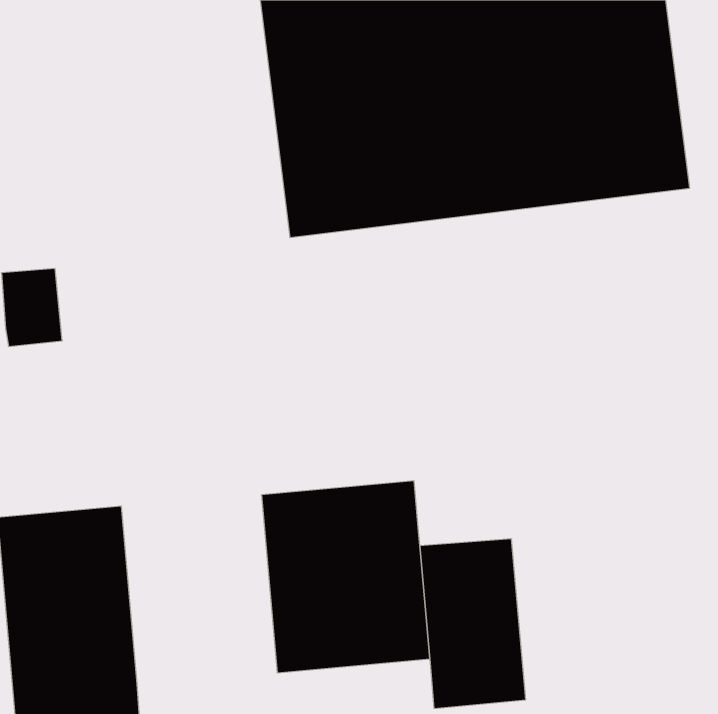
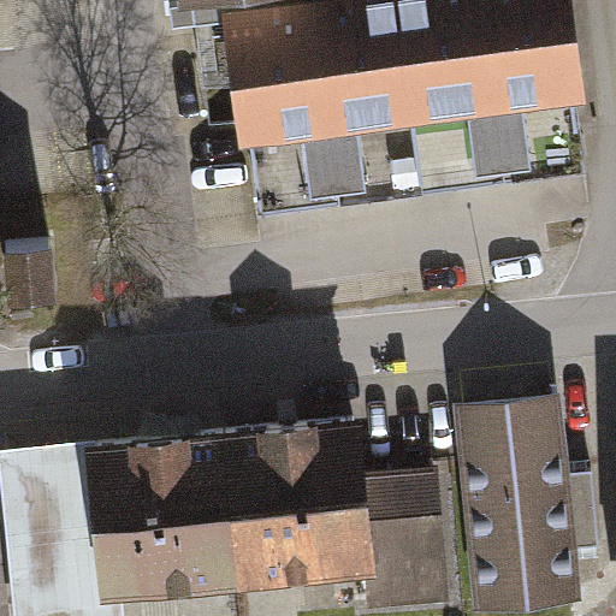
building: none -> [457,390,596,605]
building: none -> [103,428,236,590]

